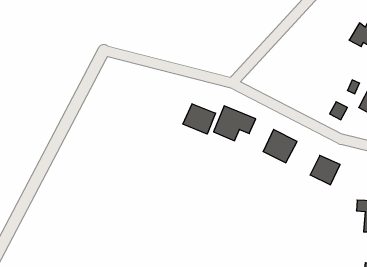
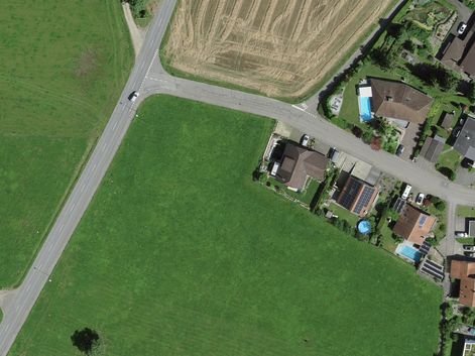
building: none -> [372,82,433,122]
building: [183,104,216,134] -> none

